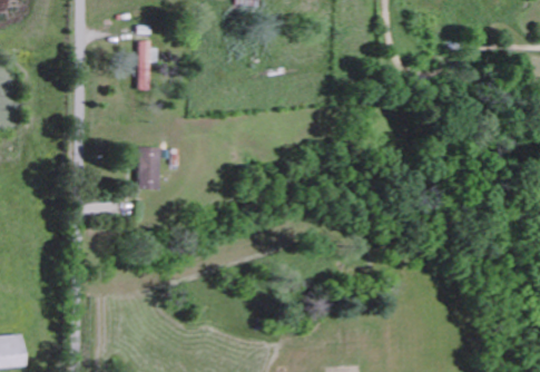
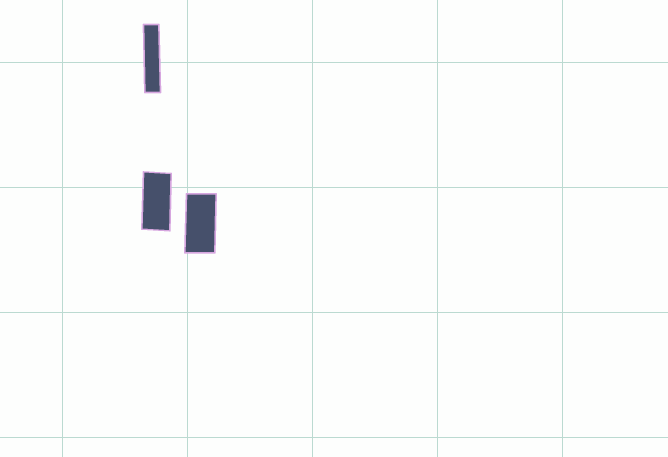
building: none -> [185,194,216,253]

